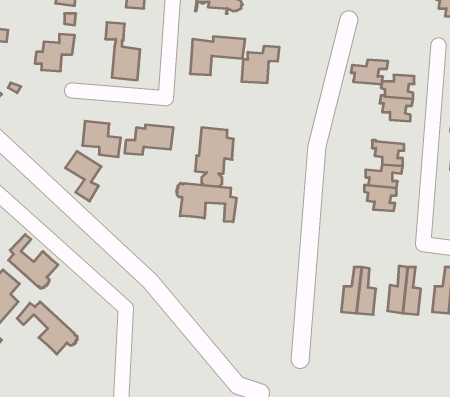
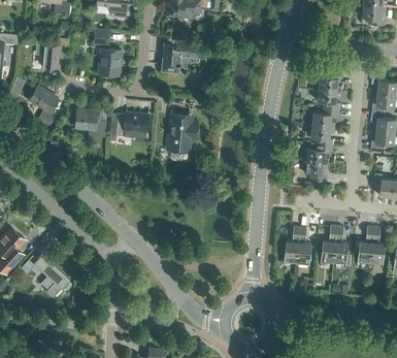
building: [242,46,279,83] -> none
building: [351,60,388,84] -> [309,107,339,127]
building: [65,151,101,201] -> [29,86,58,126]
building: [176,183,236,222] -> none
building: [8,234,58,288] -> none

